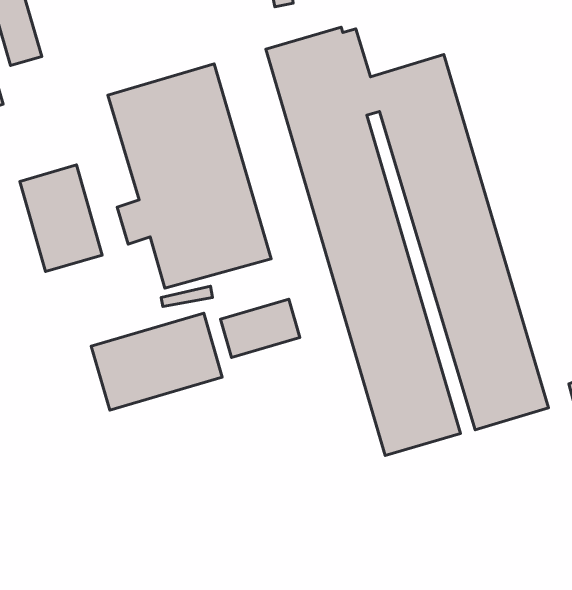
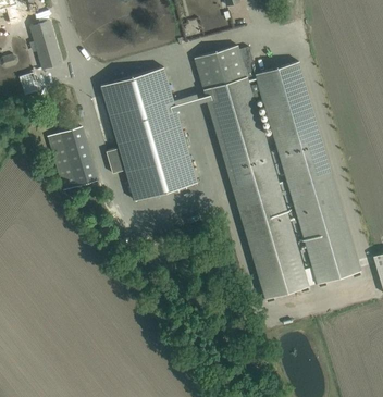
building: [220,299,300,357] -> none
building: [91,313,222,410] -> none

